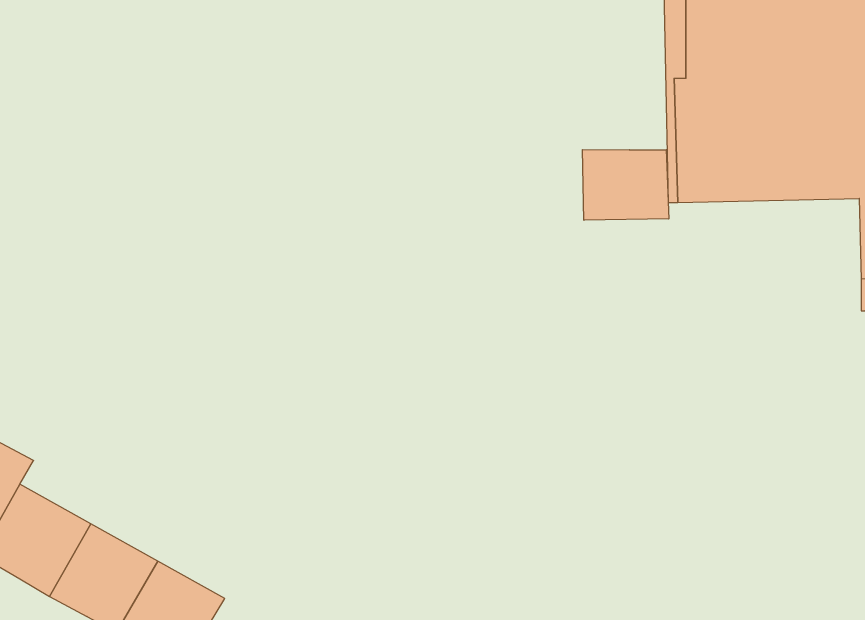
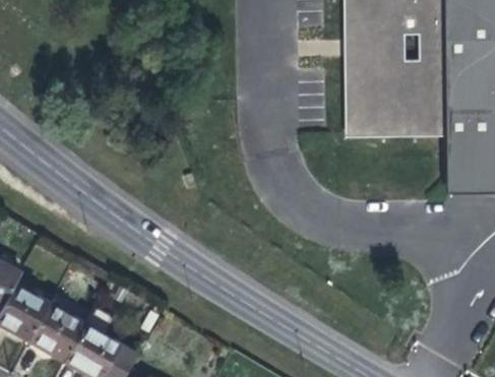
building: [583,150,669,220] -> none

